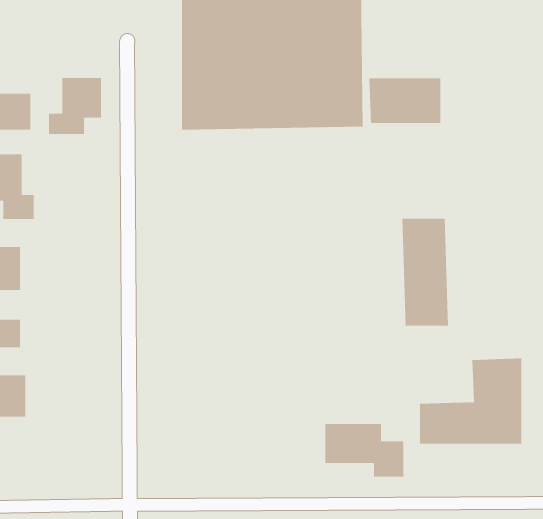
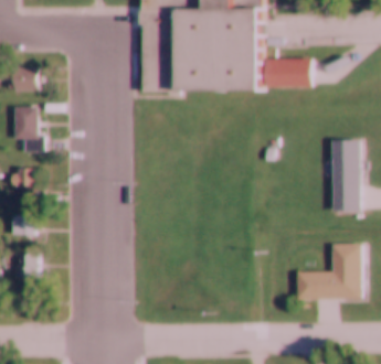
building: [49,77,101,135] -> none
building: [402,218,449,326] -> [331,140,362,211]
building: [325,423,404,477] -> none

